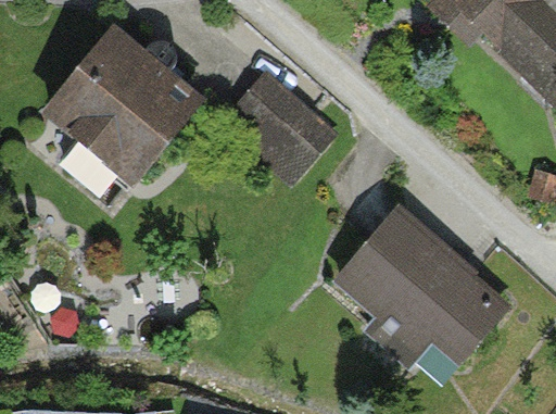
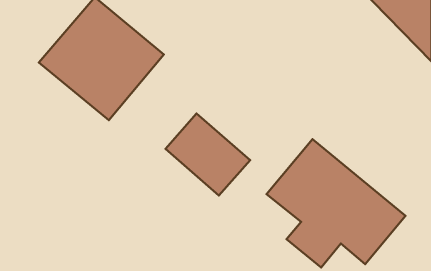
building: [229,73,336,176] -> [165,114,250,195]

